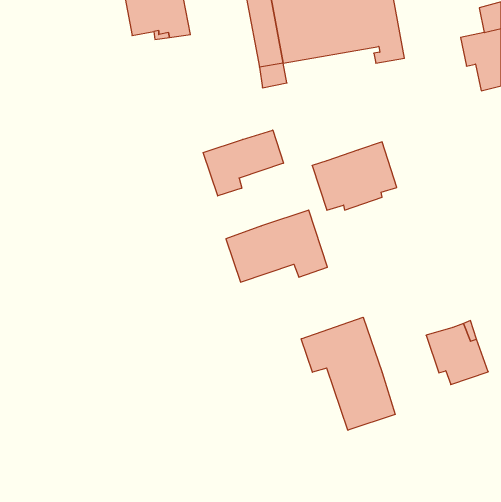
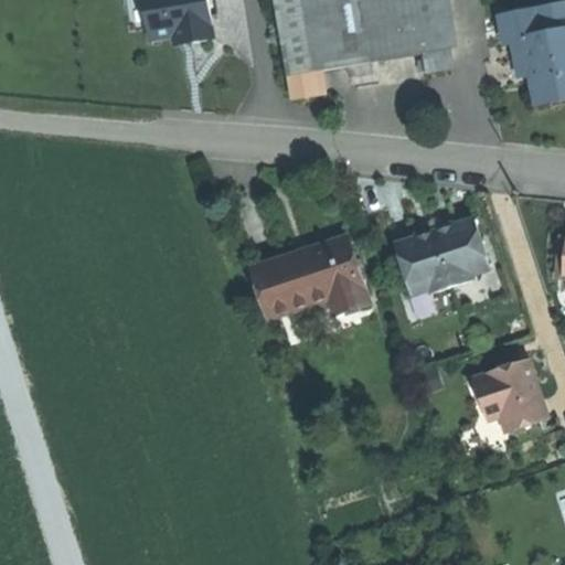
building: none -> [500,9,542,44]
building: [203,130,283,196] -> none
building: [312,142,397,210] -> [393,216,488,292]
building: [301,317,395,430] -> none

